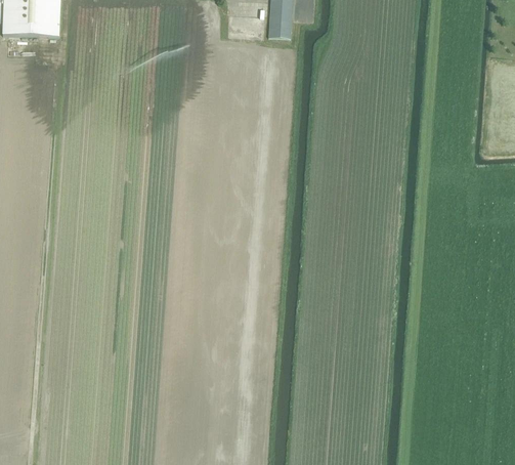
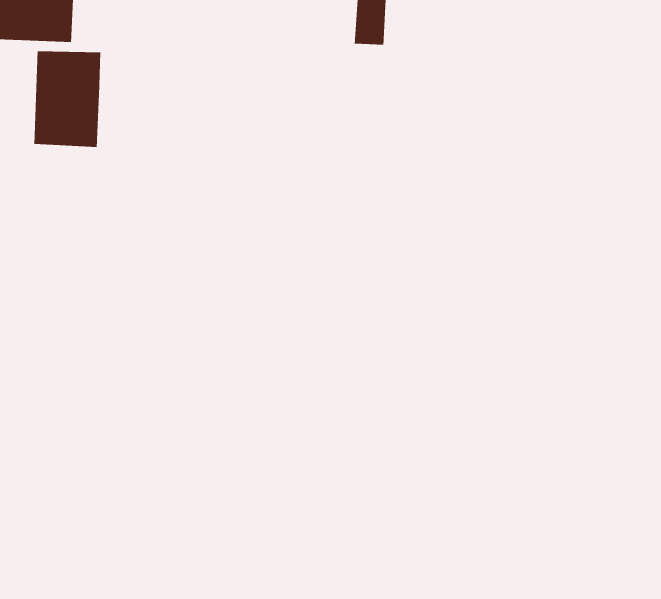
building: none -> [33,50,101,148]

